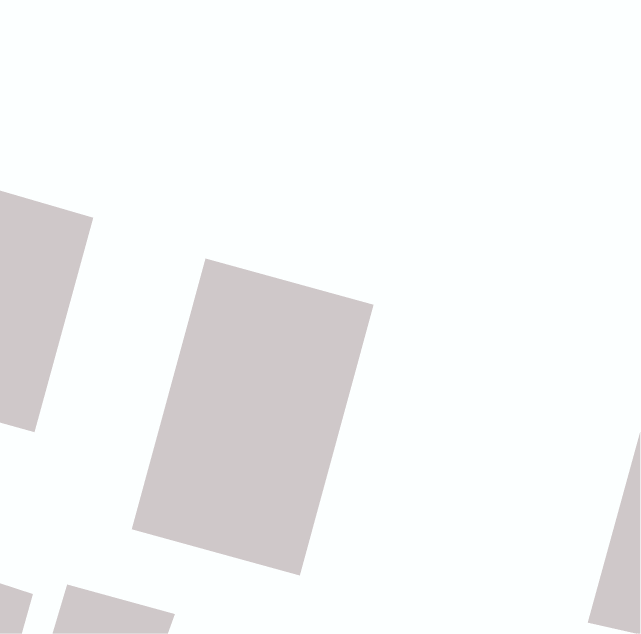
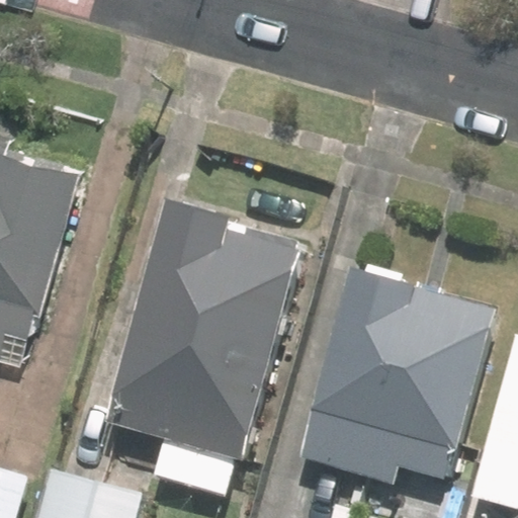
building: none -> [312,274,490,451]

